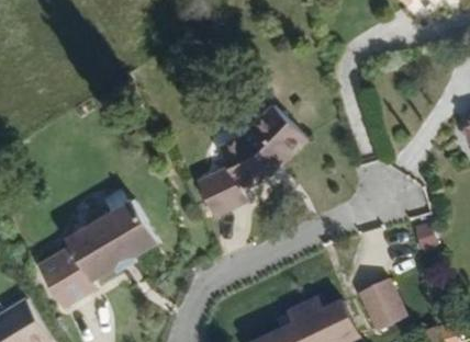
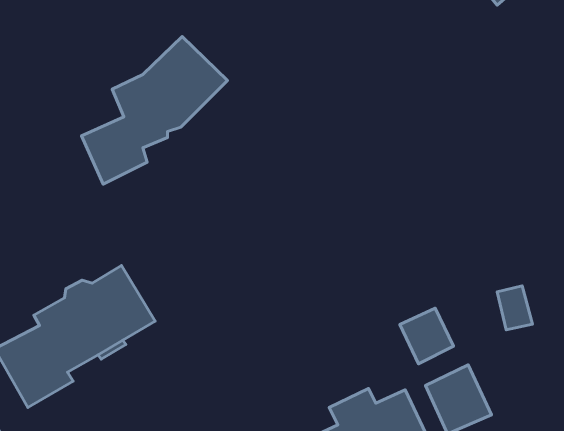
building: [198,107,307,218] -> [81,37,228,184]
building: none -> [400,308,454,364]

